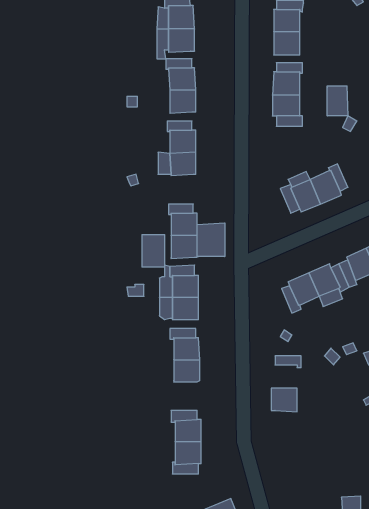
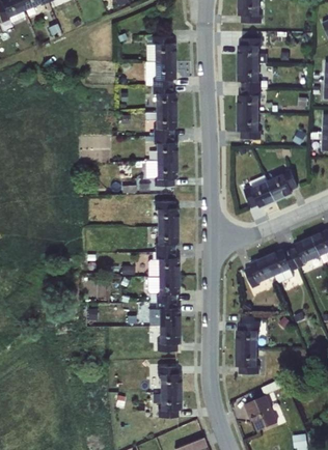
building: [327,86,348,116] -> none
building: [197,223,225,257] -> none
building: [142,235,165,267] -> none
building: none -> [236,330,256,348]
building: none -> [243,379,282,431]

